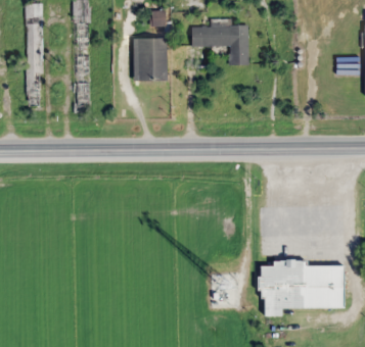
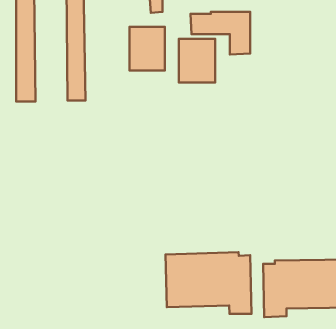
building: none -> [179,39,215,82]
building: none -> [166,252,252,314]

